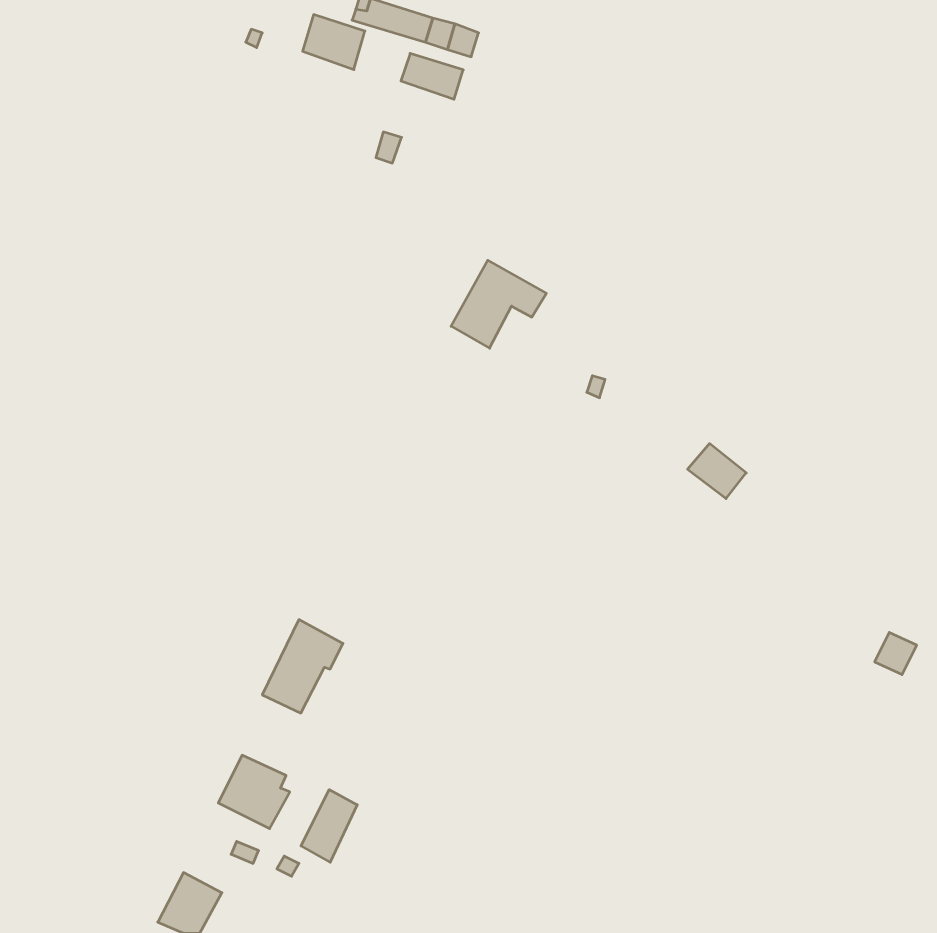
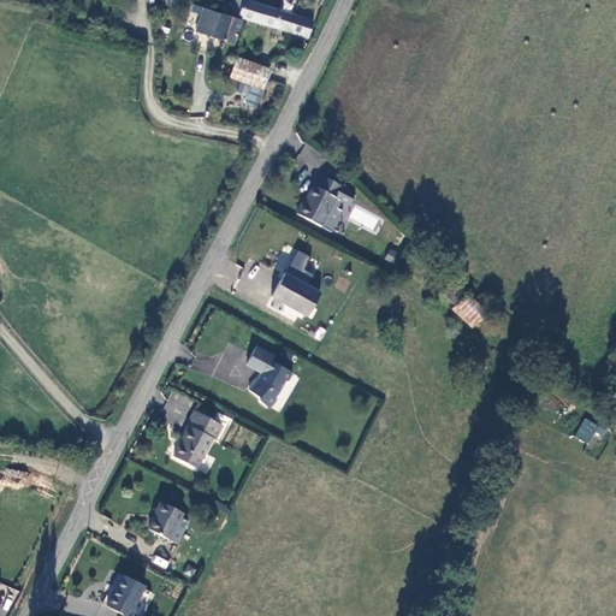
building: [401,53,463,99] -> [230,58,271,88]
building: none -> [267,243,320,319]
building: none -> [245,348,296,408]
building: [301,790,357,862] -> none

